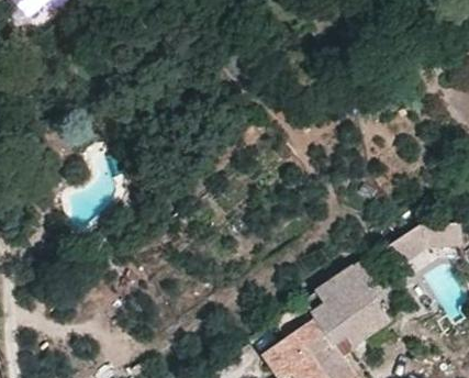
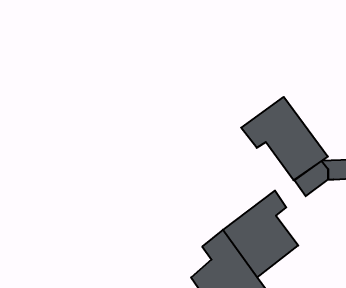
building: none -> [241,97,328,180]

